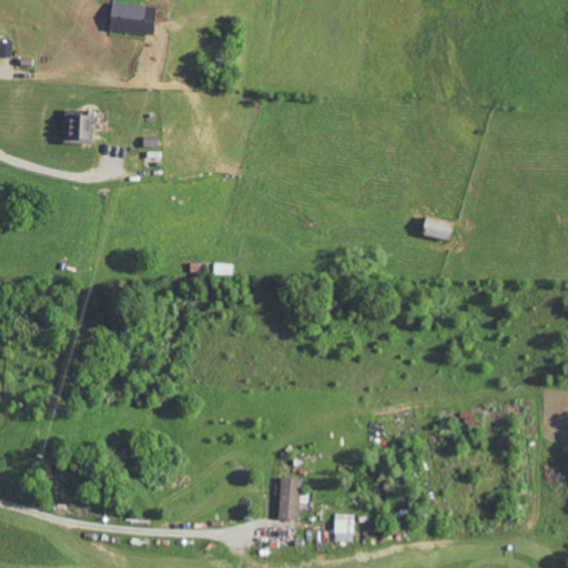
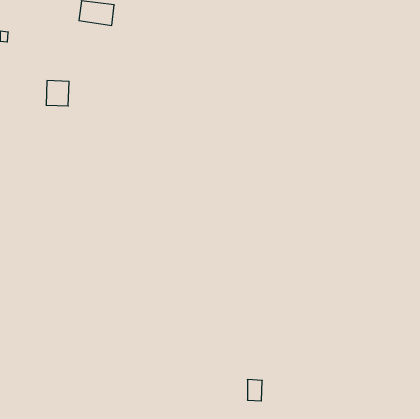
building: [419,215,453,242] -> none
building: [277,478,300,520] -> none

